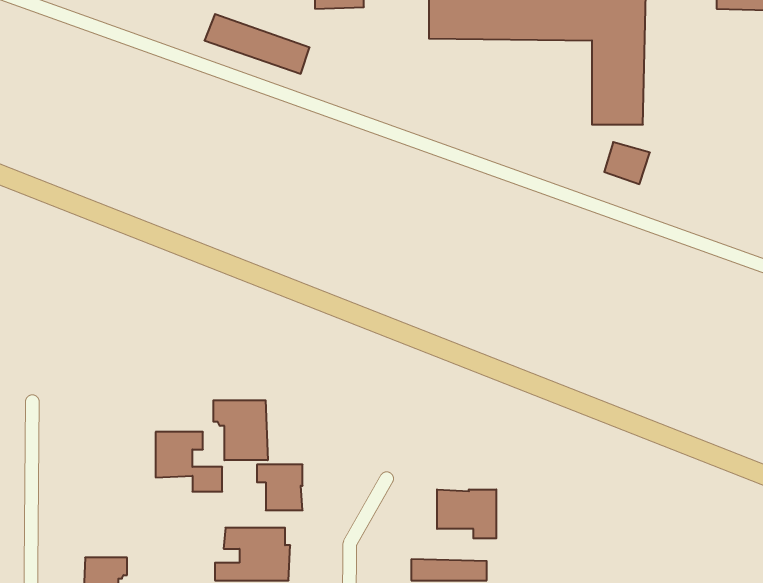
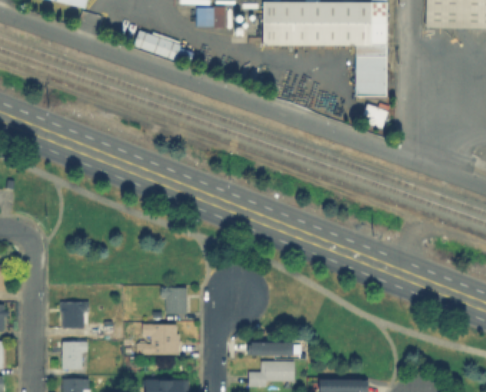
building: [213,400,268,460] -> none
building: [156,432,222,492] -> [62,300,100,334]
building: [437,489,496,538] -> none

